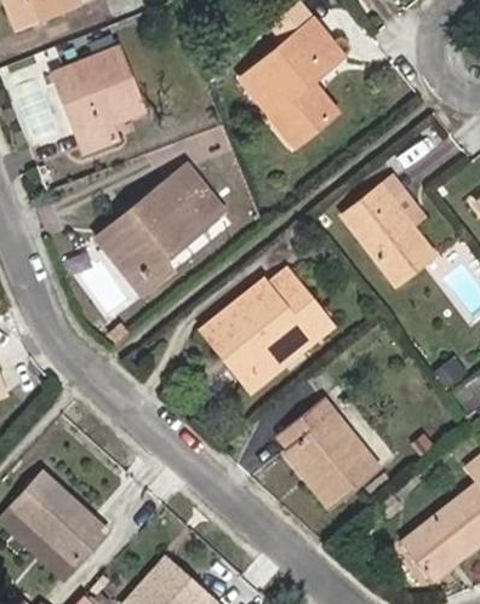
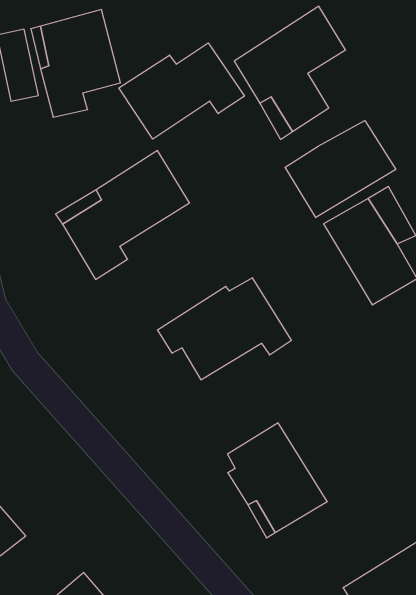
building: none -> [119,43,244,139]
building: none -> [285,121,396,218]
building: [219,330,308,387] -> none

